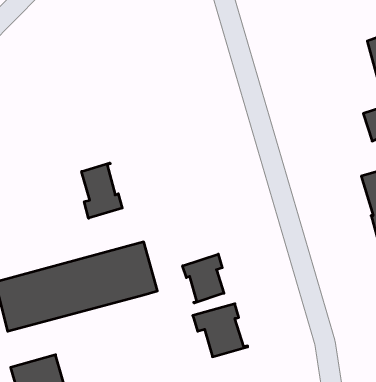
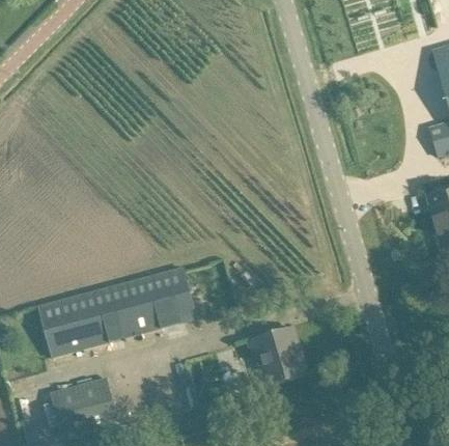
building: [82,163,122,218] -> none
building: [183,254,224,303] -> none

